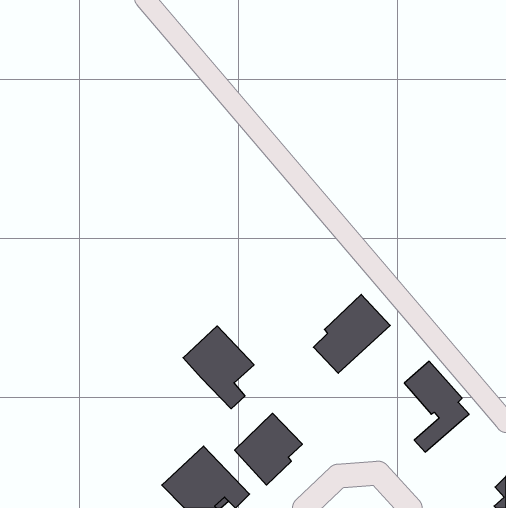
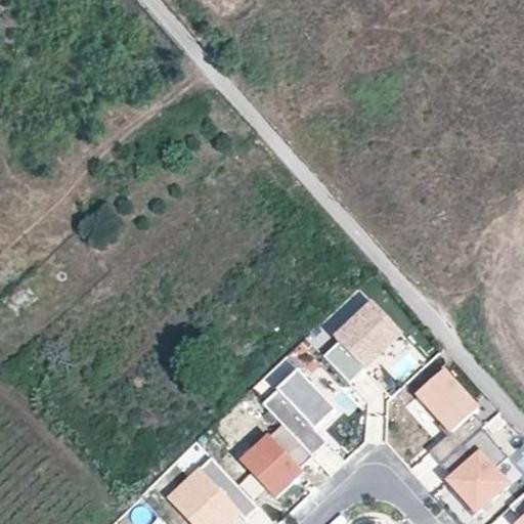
building: [183,326,254,409] -> [261,370,334,455]
building: none -> [436,429,499,503]

